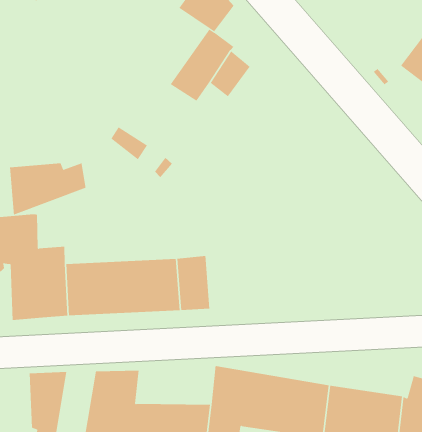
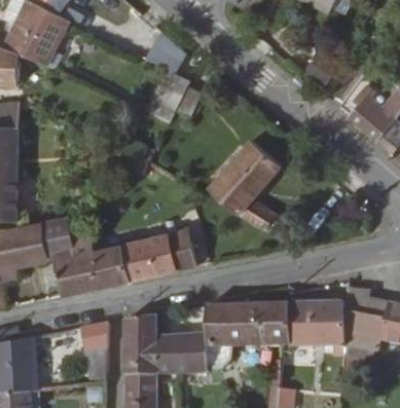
building: none -> [210,141,281,227]
building: [10,162,86,215] -> none

